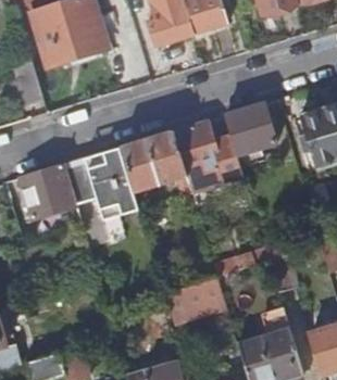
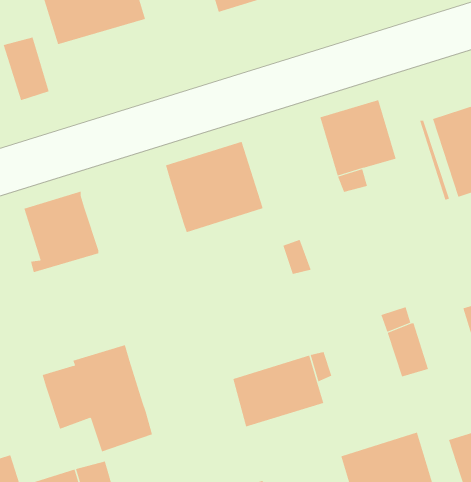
building: [172,121,229,176] -> none
building: [63,148,138,220] -> [42,344,153,452]

